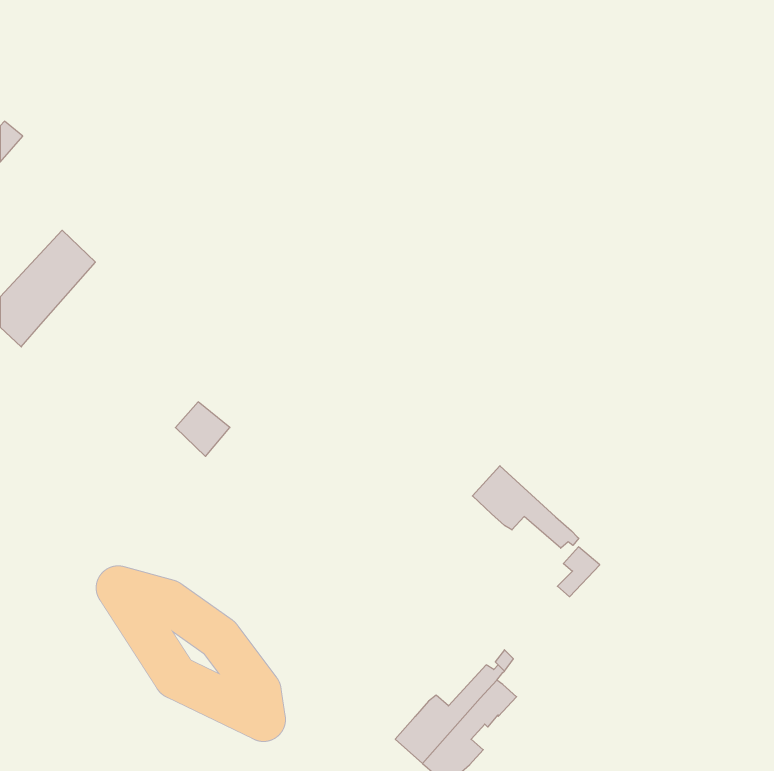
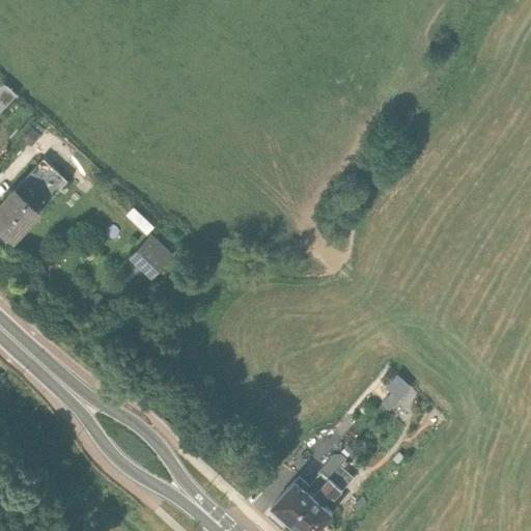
building: [175,402,230,456] -> [131,242,168,279]
building: [472,466,579,548] -> none

